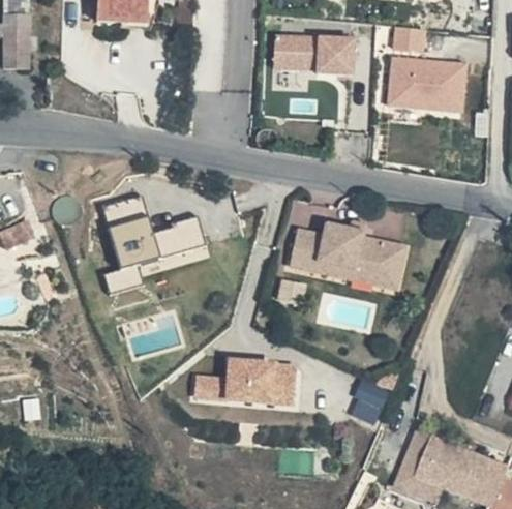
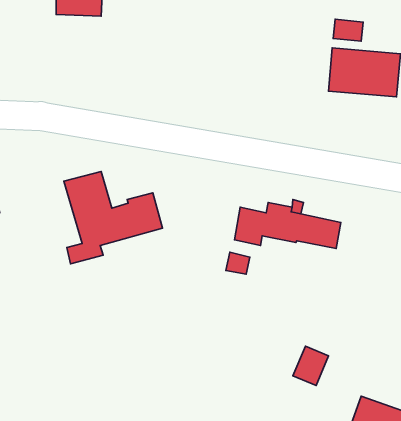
building: [273,33,355,70] -> none
building: [314,246,410,289] -> none
building: [194,358,298,406] -> none

